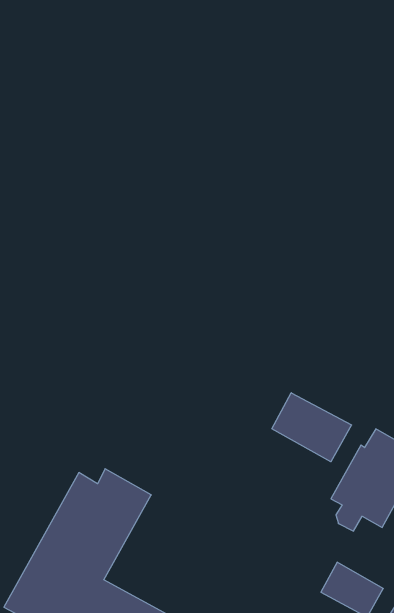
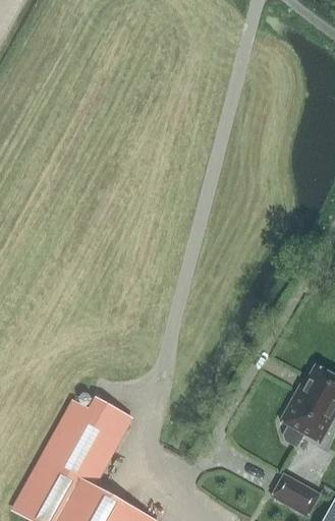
building: [272,393,352,462] -> none

